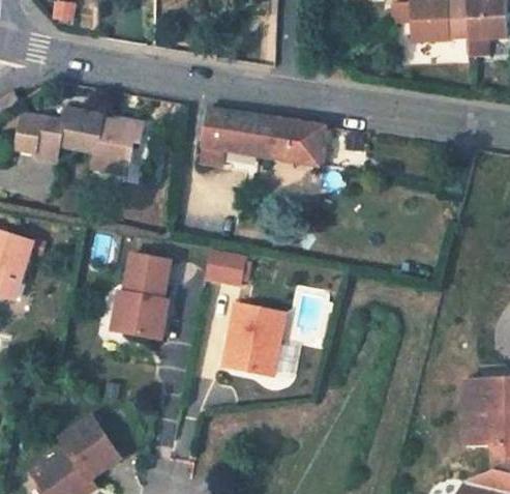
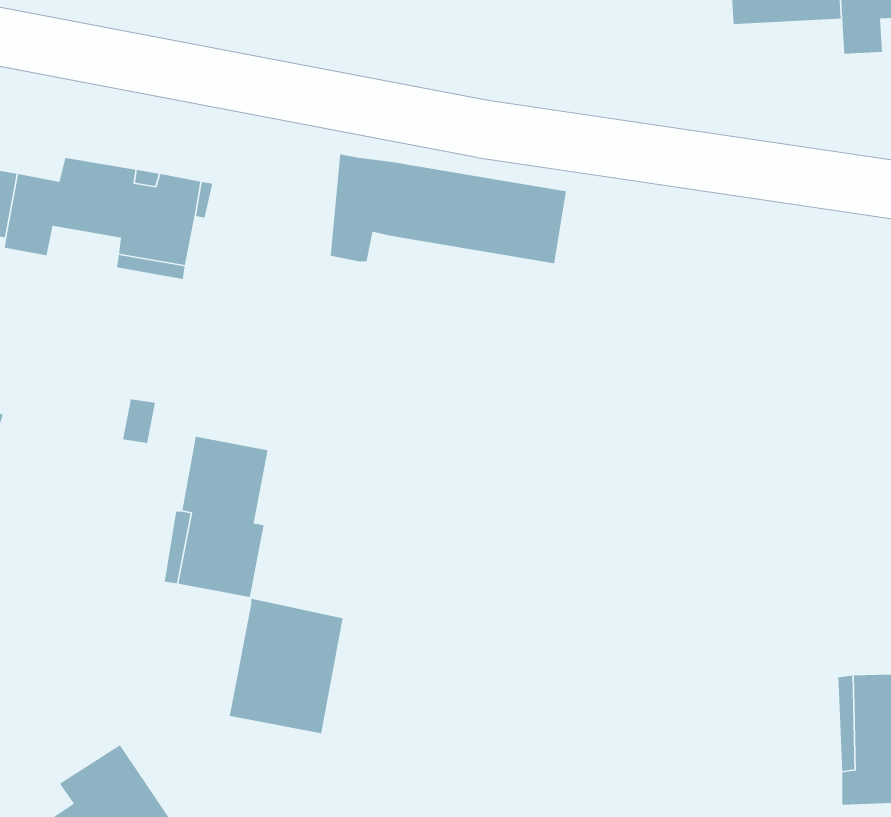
building: [202,252,244,286] -> none
building: [222,304,282,376] -> [229,598,344,734]

